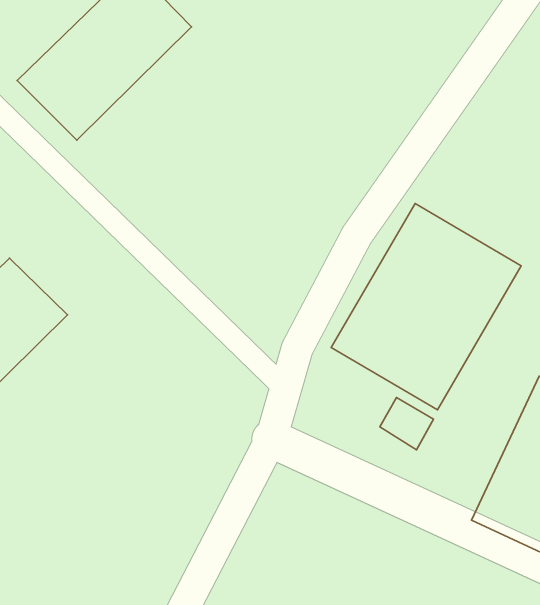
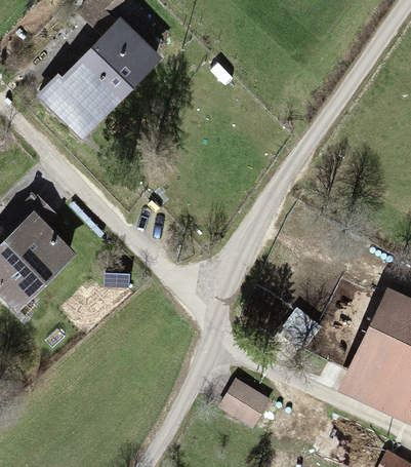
building: [331,204,521,410] -> none
building: none -> [217,378,274,431]

